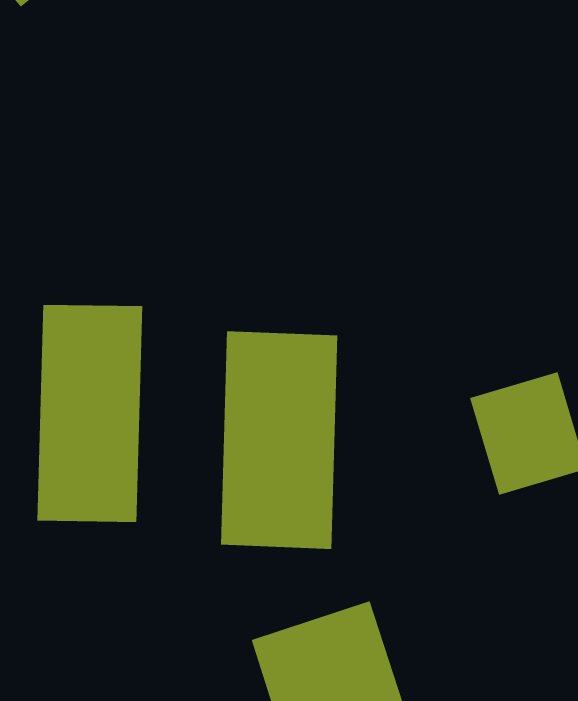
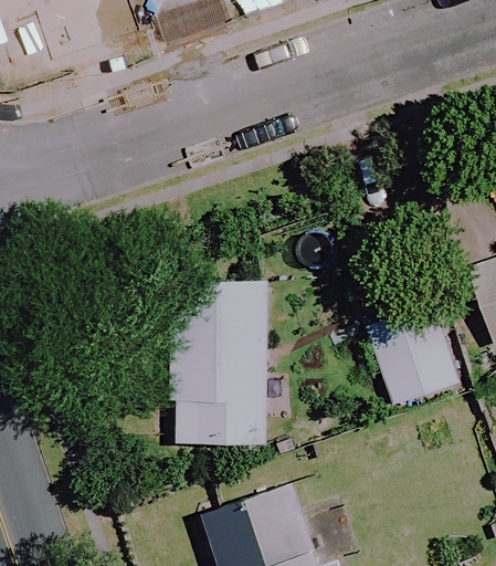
building: [37,304,143,523] -> none

